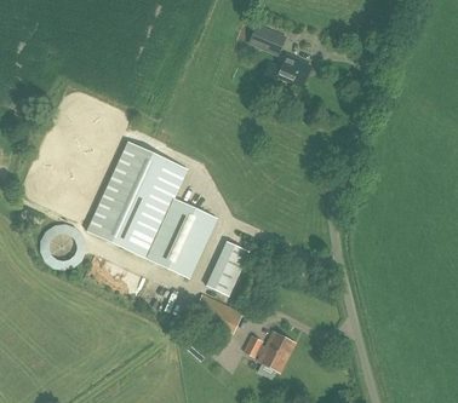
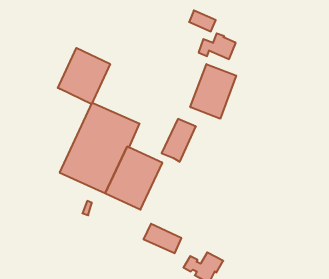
building: none -> [58,48,110,104]
building: none -> [190,64,236,119]
building: [206,242,250,297] -> [162,119,196,162]

